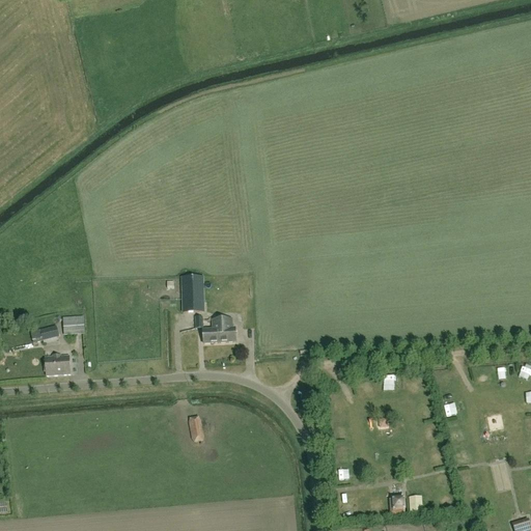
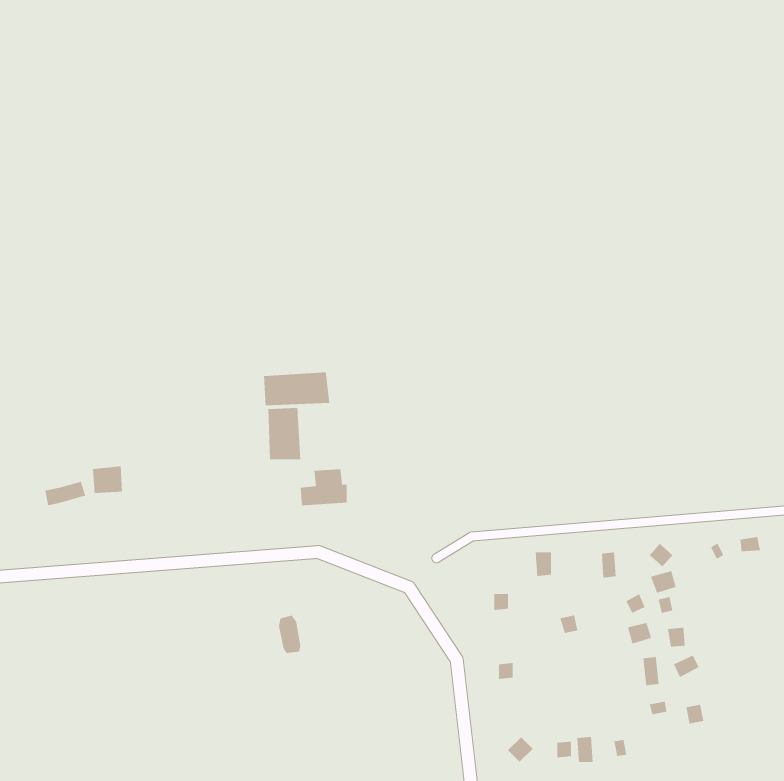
building: none -> [263,371,330,406]
building: [44,354,69,374] -> none

